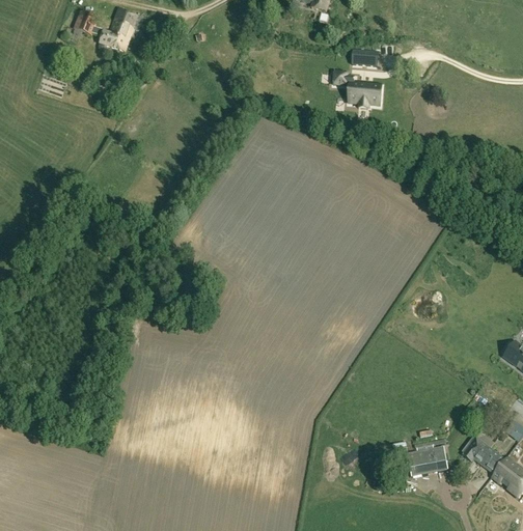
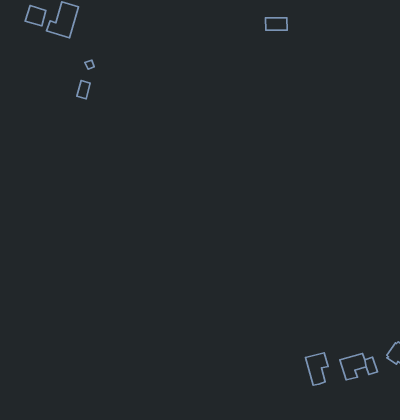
building: [332,72,381,109] -> none
building: none -> [305,353,328,385]

